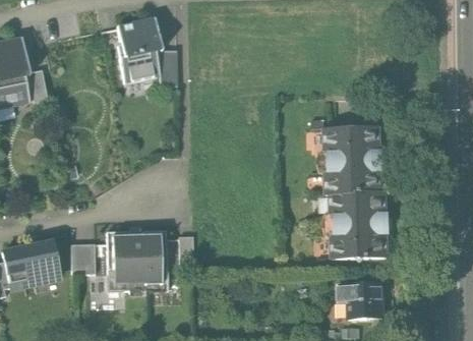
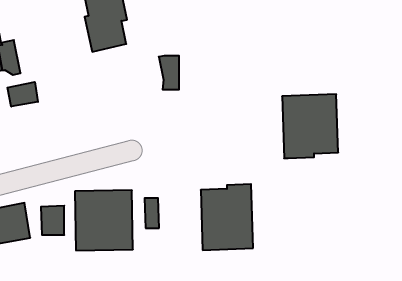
building: [155,50,176,86] -> [159,56,179,90]
building: none -> [7,82,38,107]
building: [330,189,385,259] -> [201,184,253,250]
building: [338,284,386,317] -> none

